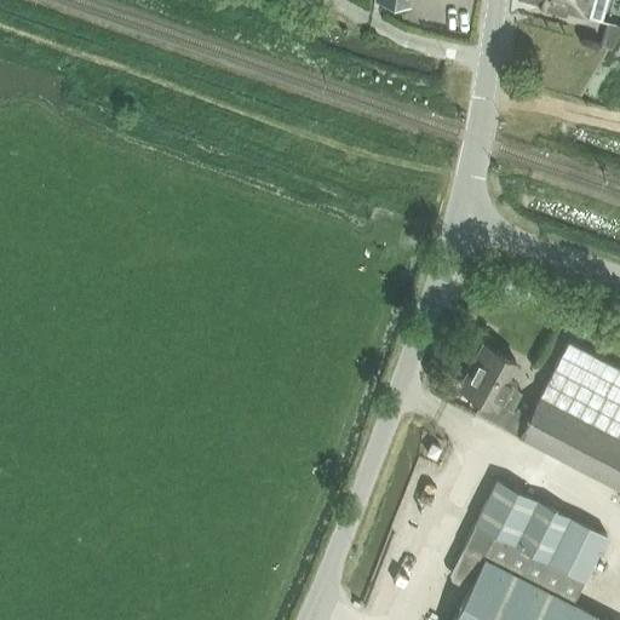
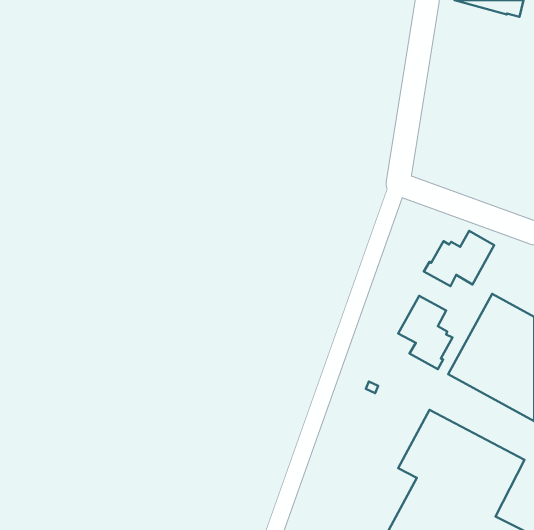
building: none -> [424,231,494,286]

